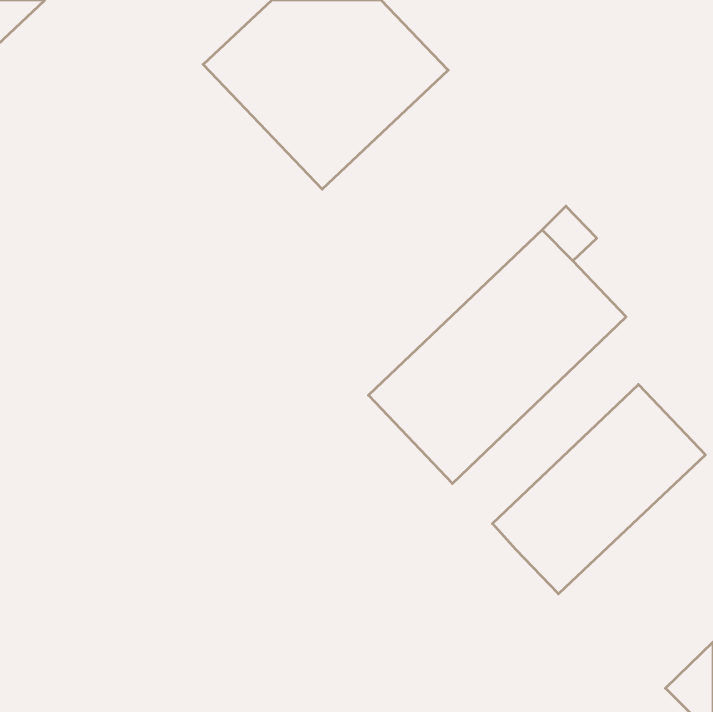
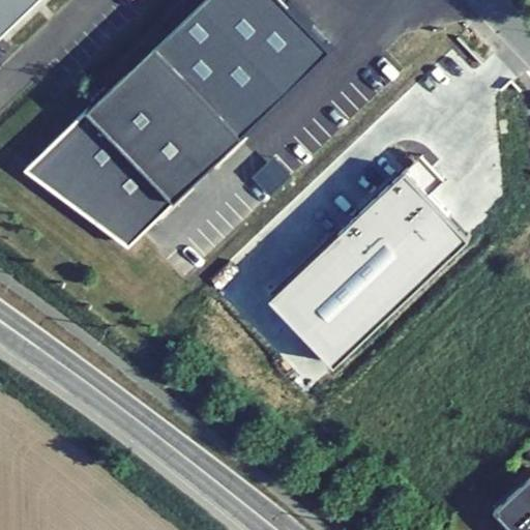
building: none -> [20,51,238,253]
building: [492,384,705,594] -> none

